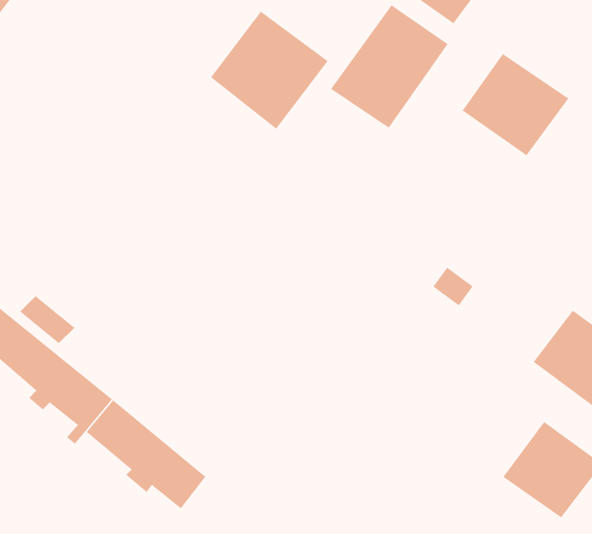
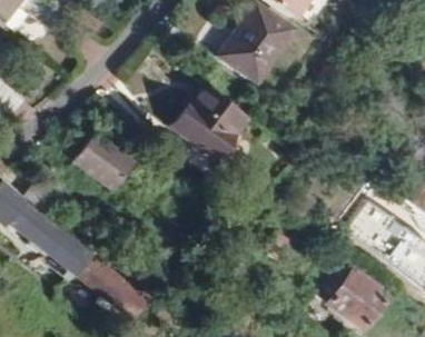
building: [210,11,329,129] -> [174,83,247,157]
building: [462,53,569,156] -> none
building: none -> [72,130,128,182]

